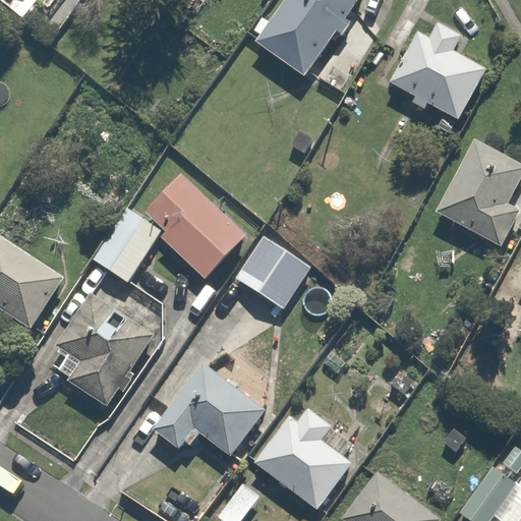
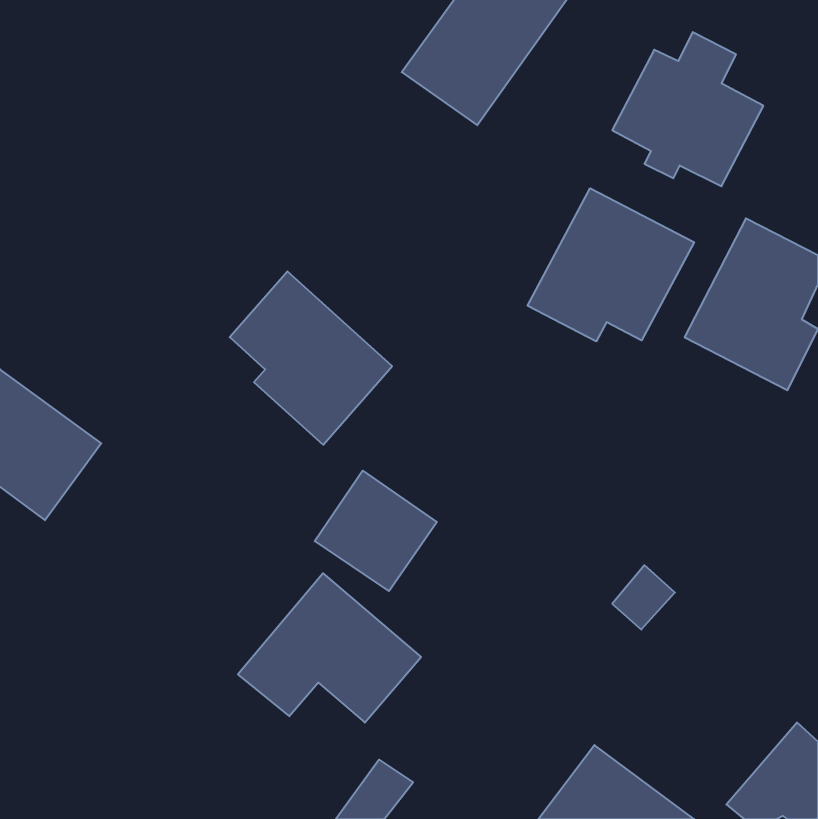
building: none -> [528,188,694,341]
building: [91,207,162,283] -> none
building: [234,233,311,309] -> [315,471,437,591]
building: [54,289,156,404] -> none
building: [253,408,355,512] -> none

